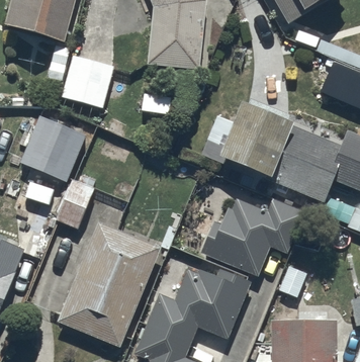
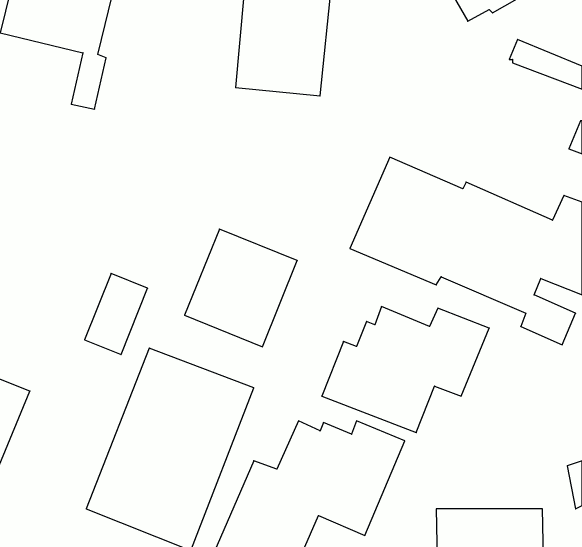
building: [61,52,114,107] -> none
building: [19,110,88,182] -> [185,229,297,347]

